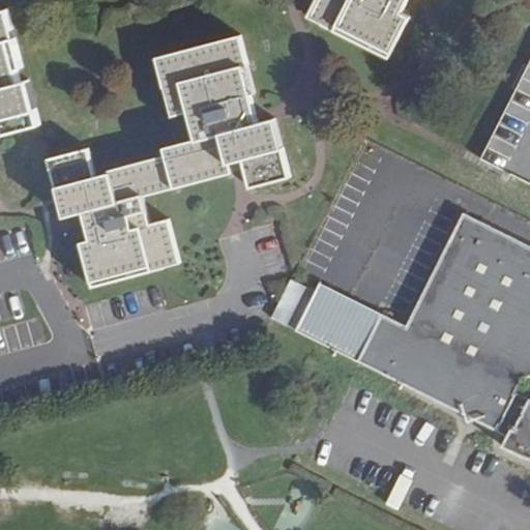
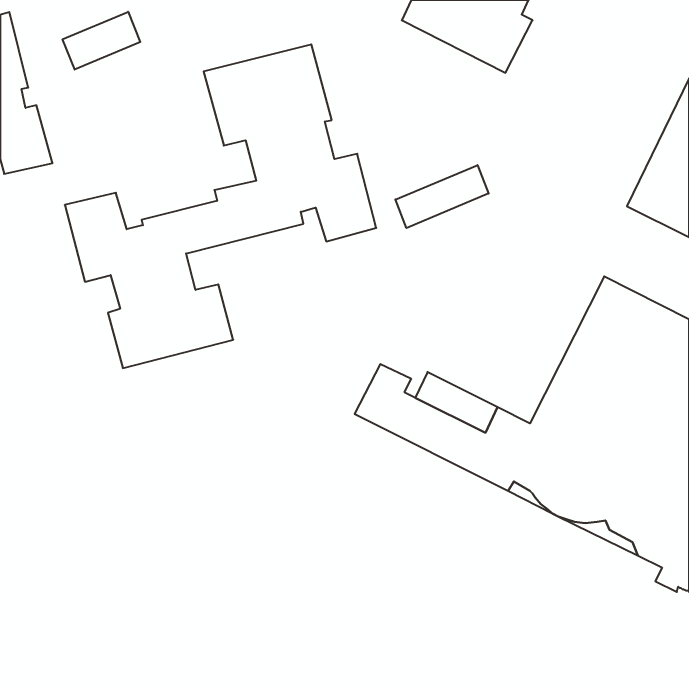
building: none -> [63,12,140,70]
building: none -> [395,165,489,228]

